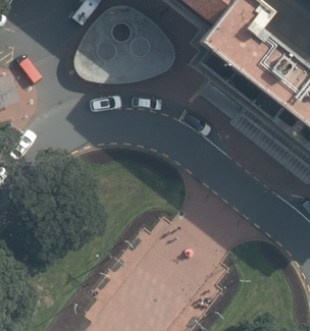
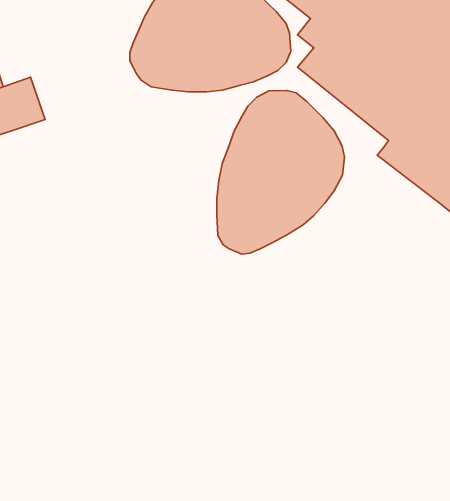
building: none -> [217,91,344,254]

